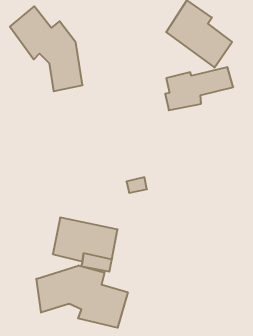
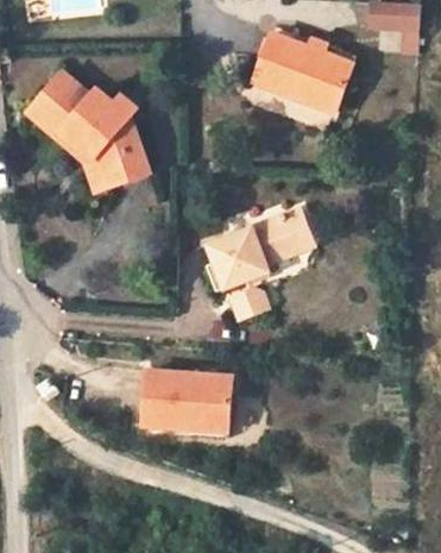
building: [165,67,233,110] -> [208,216,305,289]
building: [36,265,128,328] -> none

